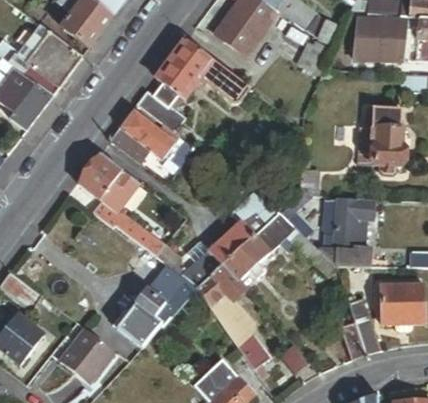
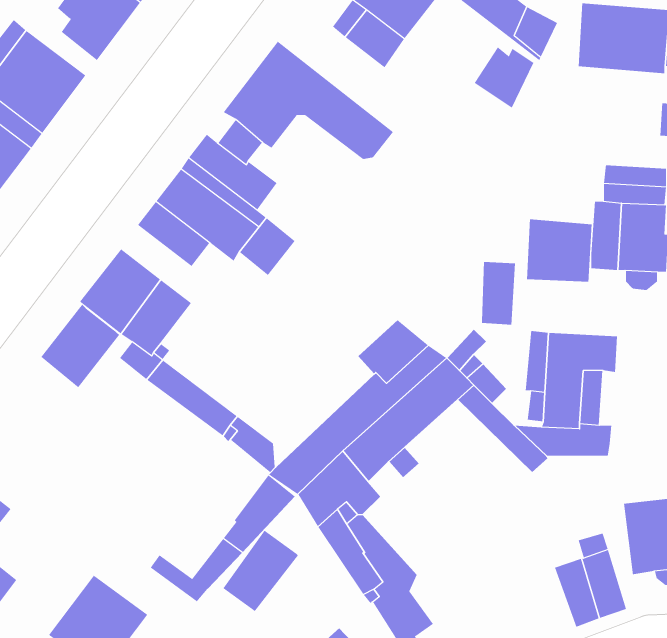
building: none -> [527,218,592,282]
building: none -> [41,304,120,388]
building: [122,288,164,333] -> [222,530,299,612]

